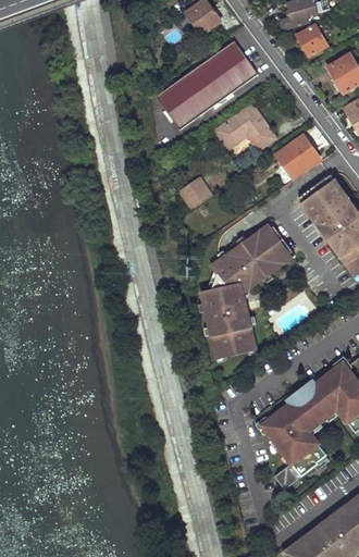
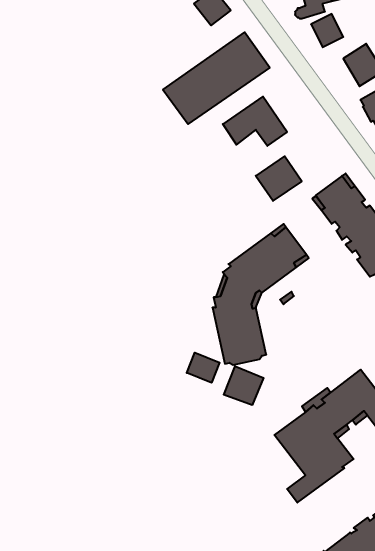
building: [275,135,319,177] -> [256,156,302,201]
building: [178,176,212,209] -> none
building: none -> [187,353,220,383]
building: none -> [224,366,264,405]

